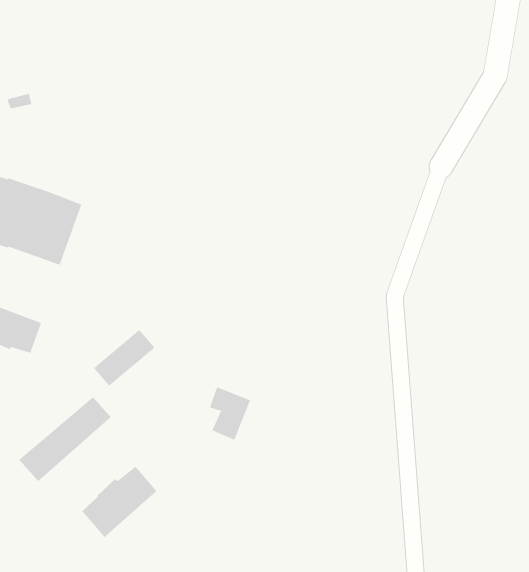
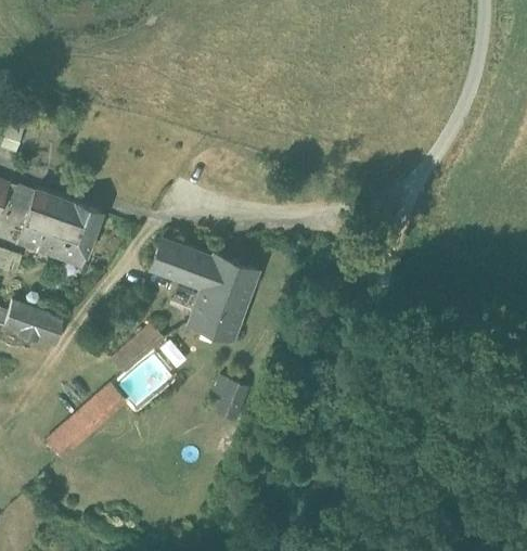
building: none -> [150,239,257,339]
building: [81,466,157,538] -> none

